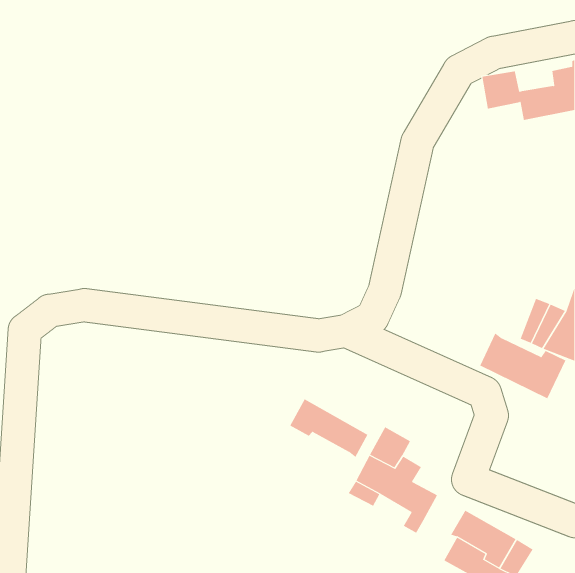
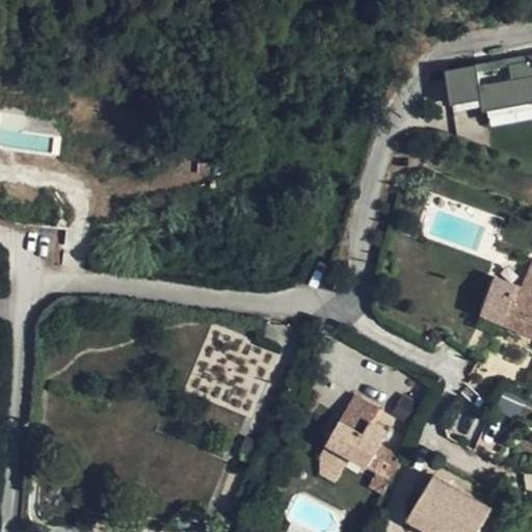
building: [479,332,566,399] -> none
building: [290,399,368,458] -> none

